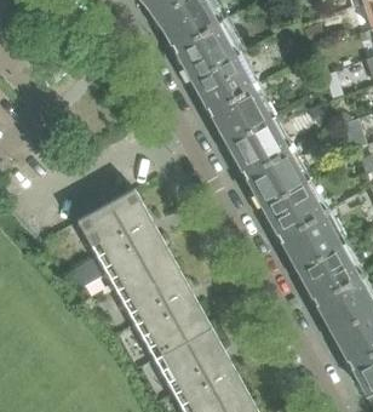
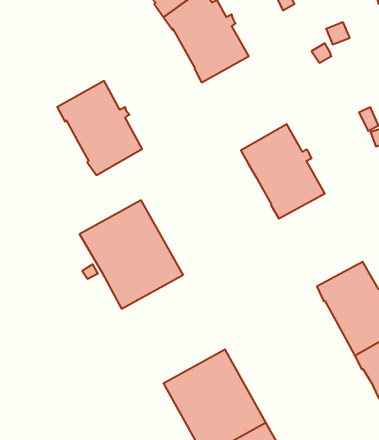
building: [191,56,270,143] -> [57,81,142,175]
building: [263,183,340,269] -> none
building: [117,258,213,359] -> none

